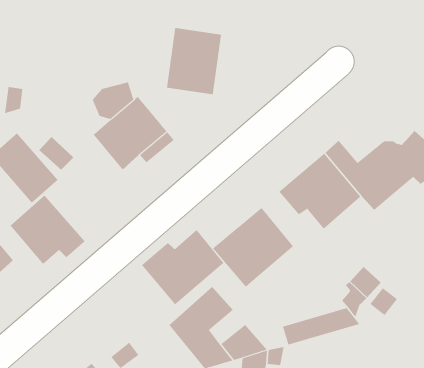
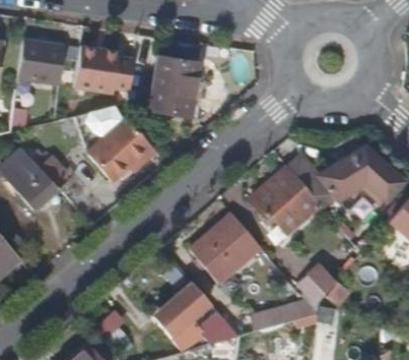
building: none -> [18,41,66,84]
building: none -> [76,46,134,94]
building: [10,195,85,265] -> none
building: [141,229,224,305] -> none

